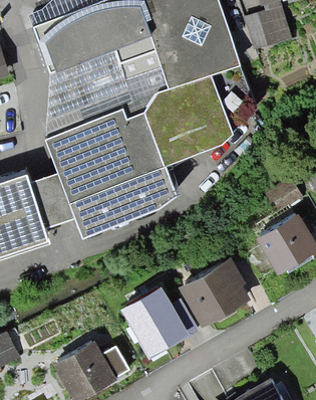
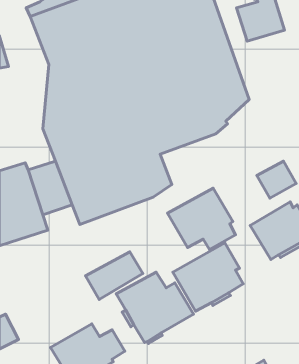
building: none -> [168,188,236,249]
building: none -> [86,252,143,299]

